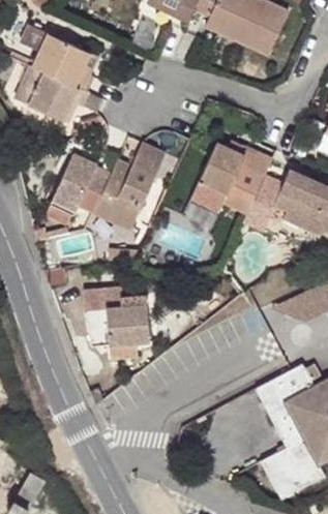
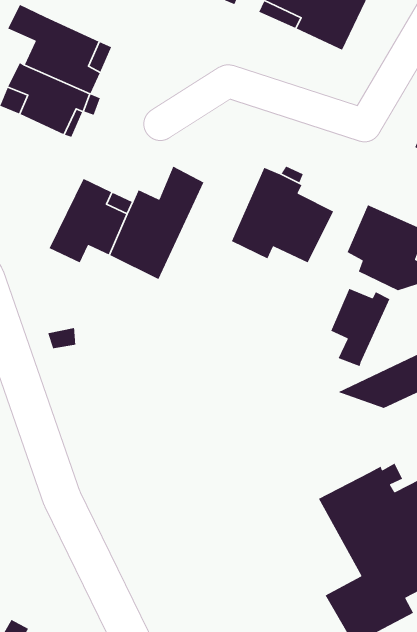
building: none -> [330,288,390,367]
building: [86,292,152,349] -> none

